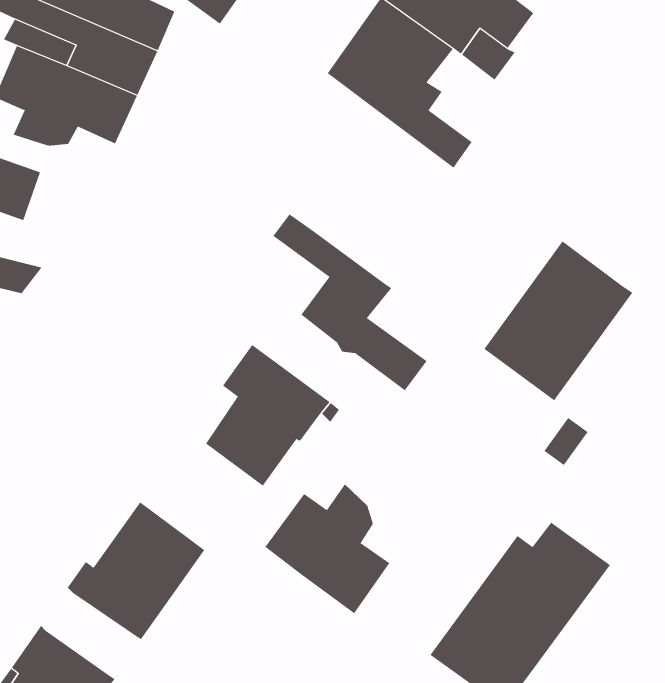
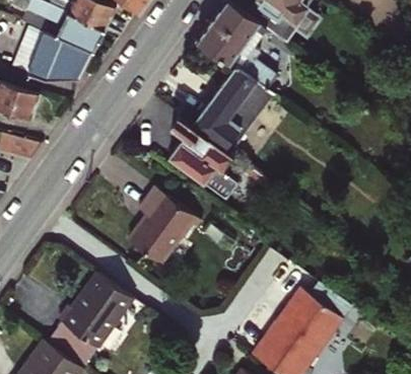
building: [484,240,633,401] -> [191,68,272,155]
building: [265,483,390,614] -> none
building: none -> [45,322,94,367]

